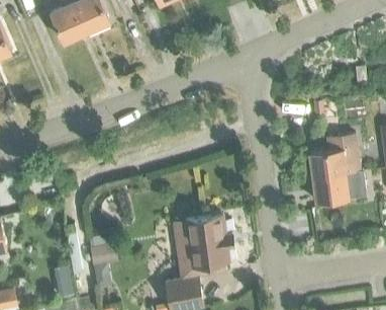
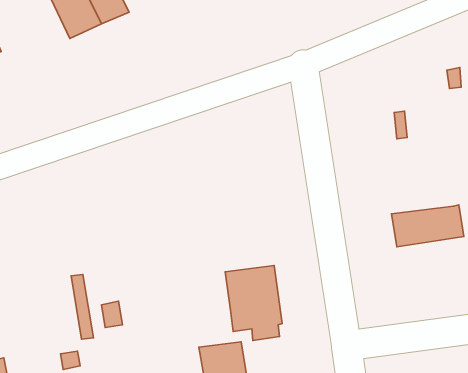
building: [308,134,359,178] -> none

